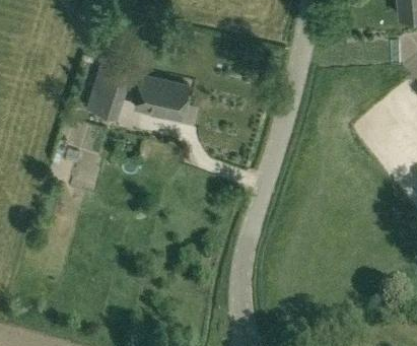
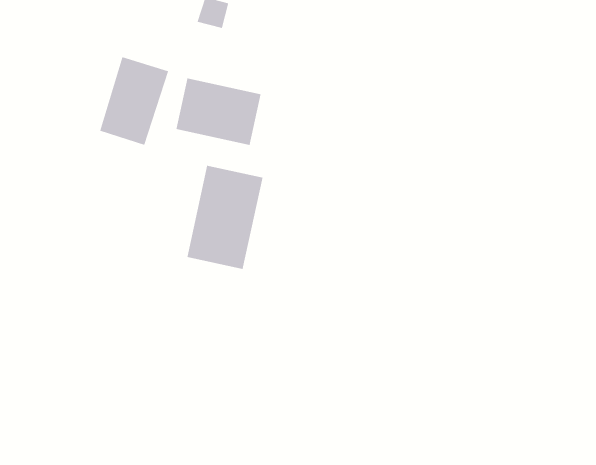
building: none -> [186,165,263,270]

